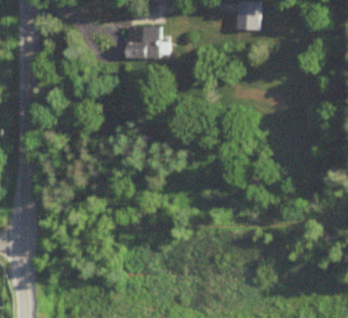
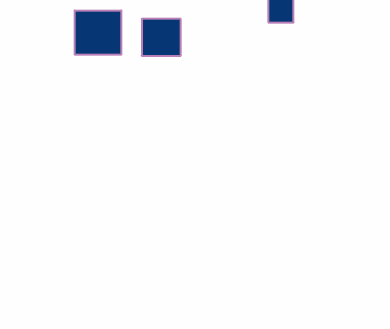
building: none -> [75,10,121,55]

